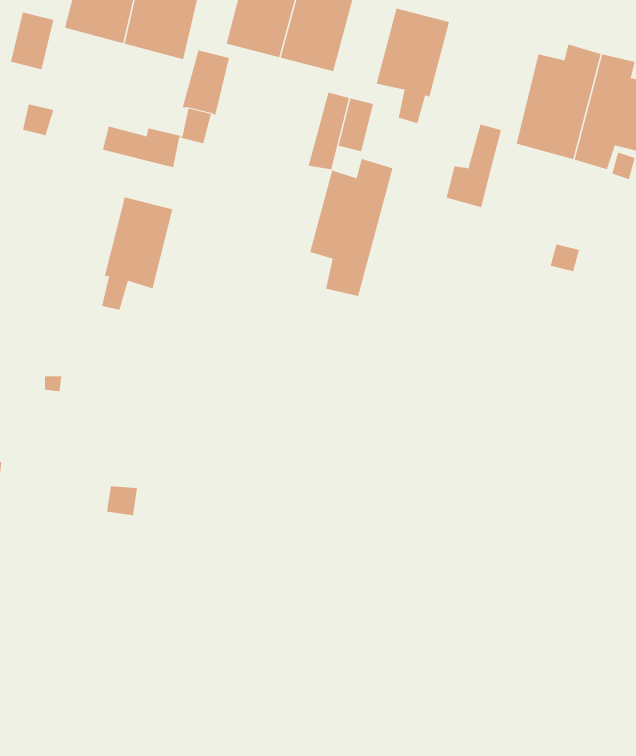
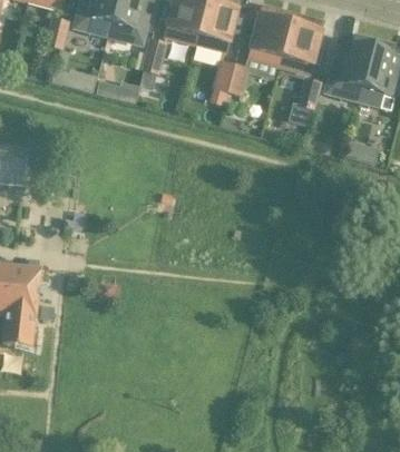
building: none -> [279,18,322,72]
building: [310,158,393,297] -> none
building: [101,196,173,310] -> none

